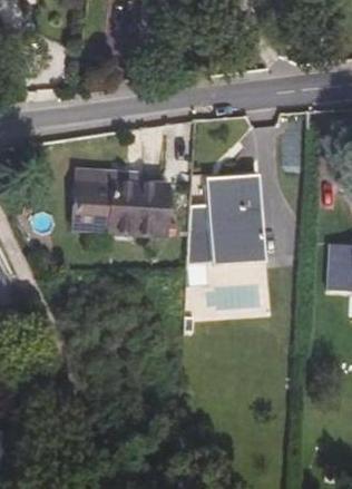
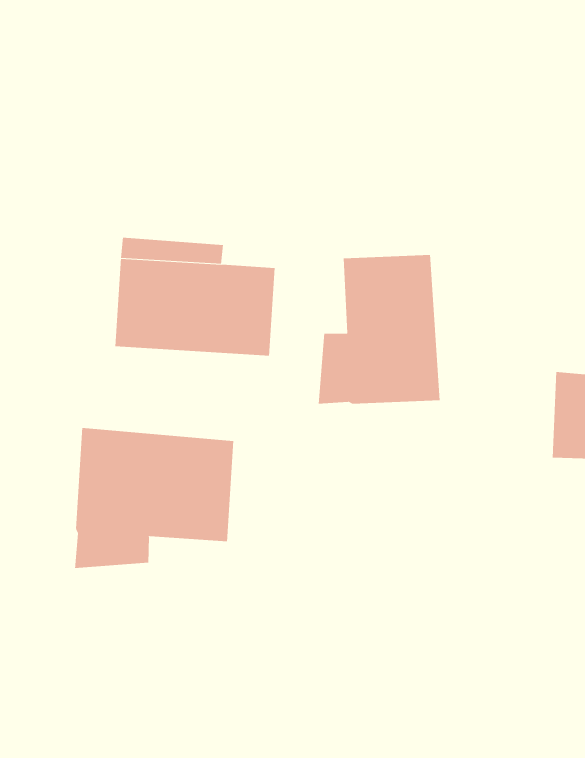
building: none -> [75,427,234,569]

